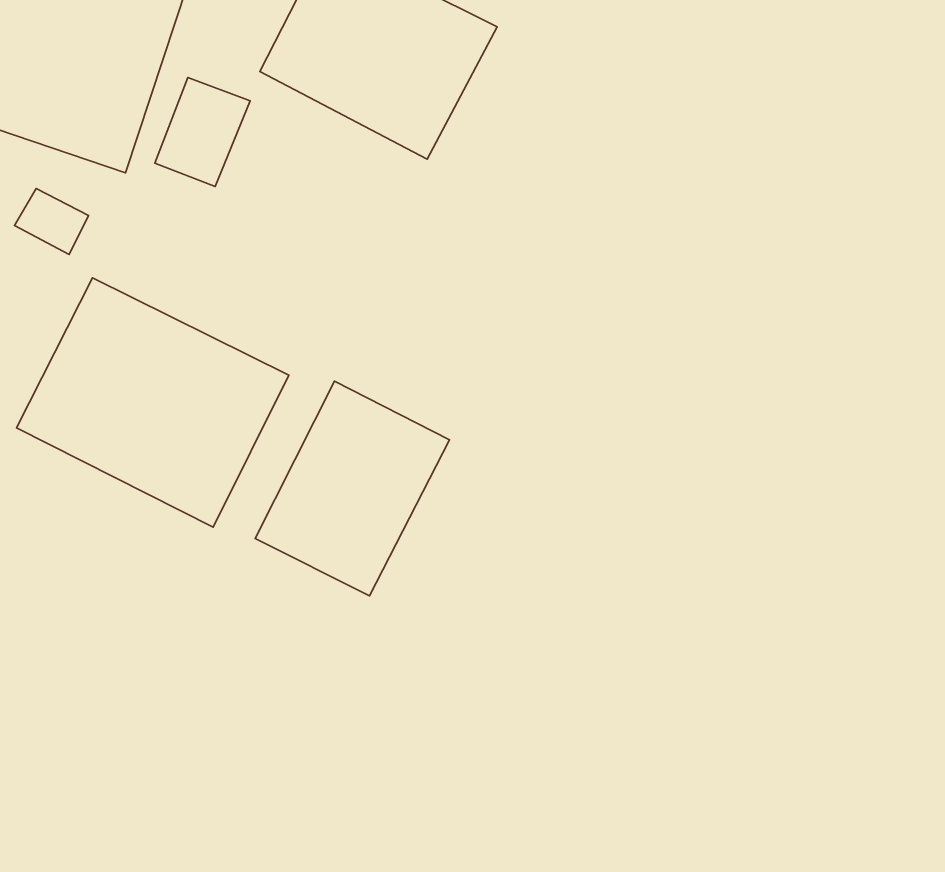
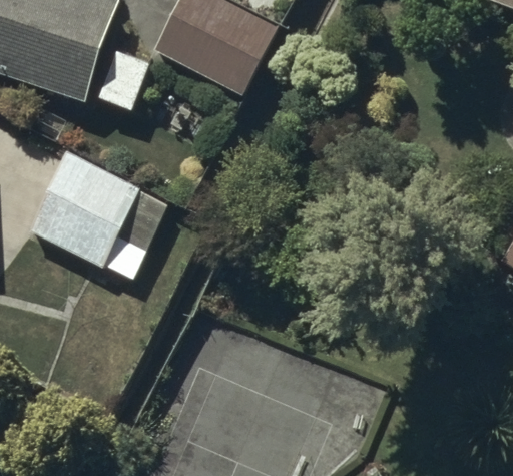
building: [255,381,450,596] -> none

